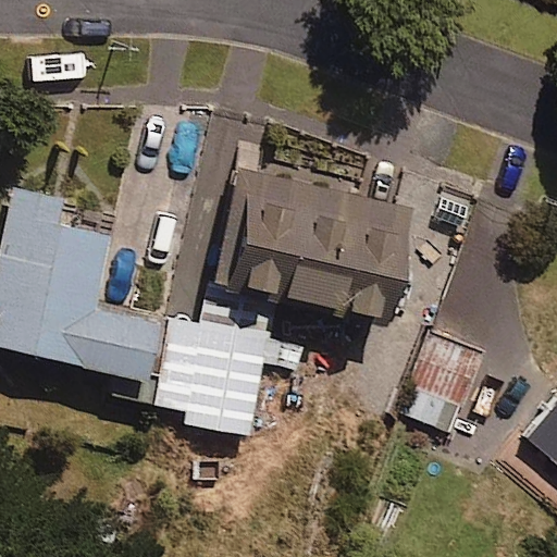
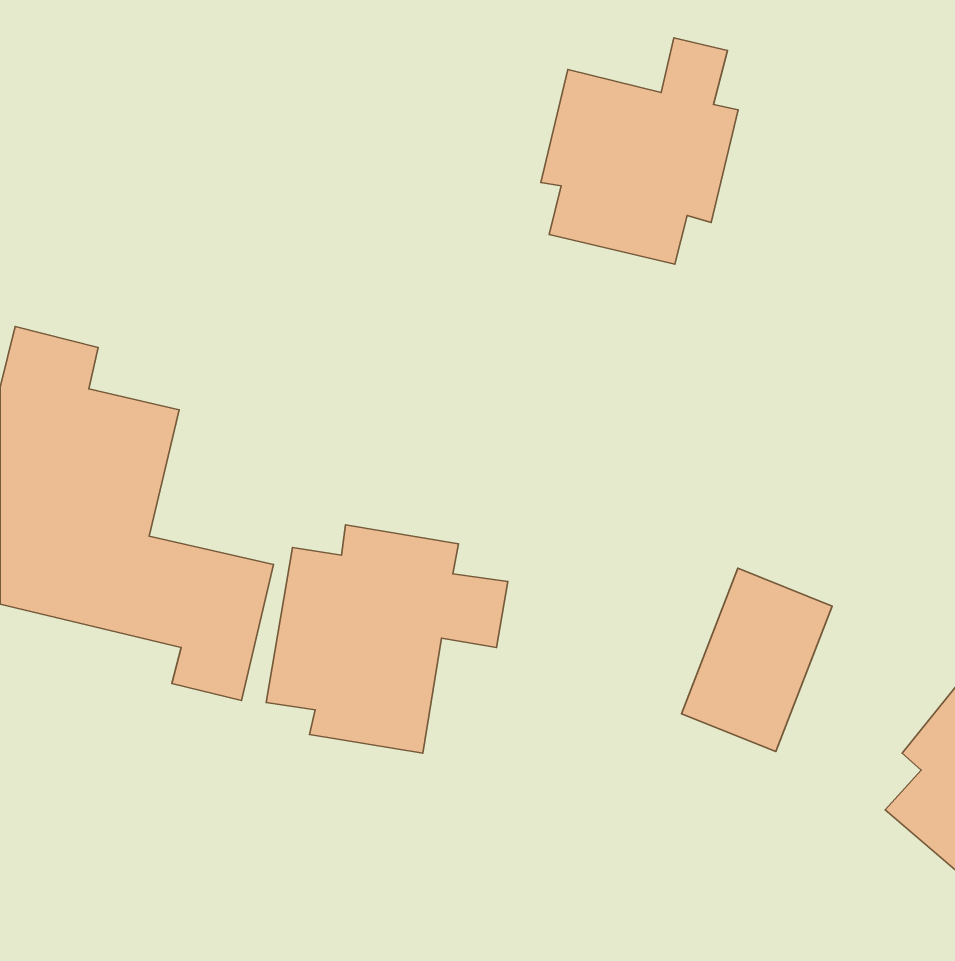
building: none -> [541,38,738,264]
building: [212,169,410,323] -> none

